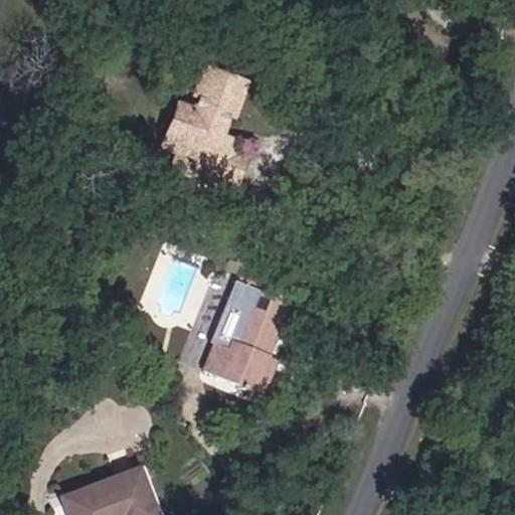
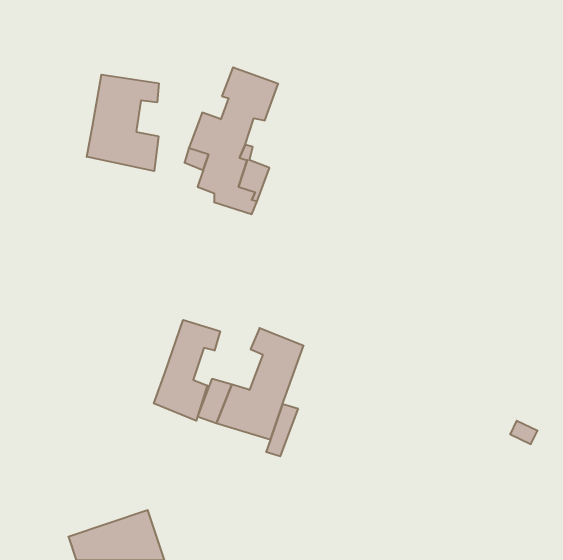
building: none -> [87,75,159,171]
building: none -> [154,320,220,421]

